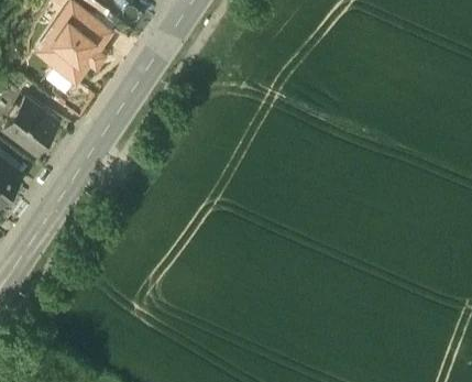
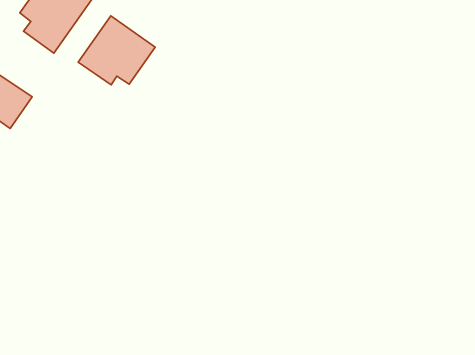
building: none -> [78,16,155,85]

